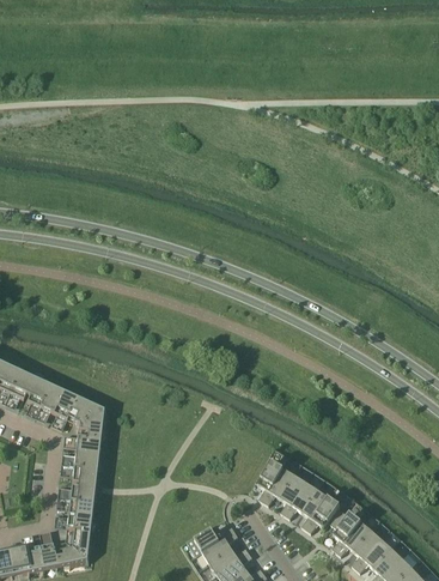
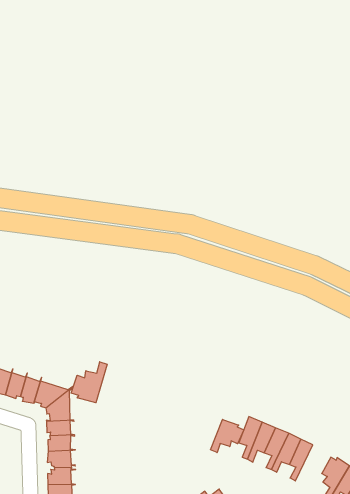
building: none -> [71,362,107,403]
building: none -> [210,419,244,453]
building: [306,496,343,532] -> none

